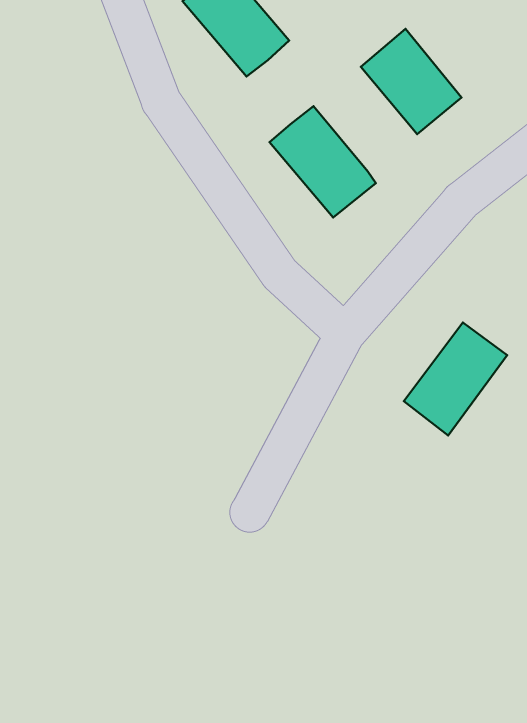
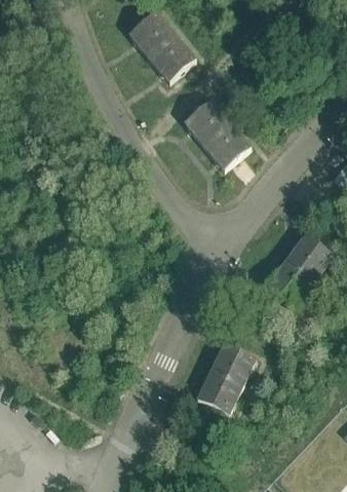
building: [361,29,462,134] -> none
building: none -> [197,343,256,414]

